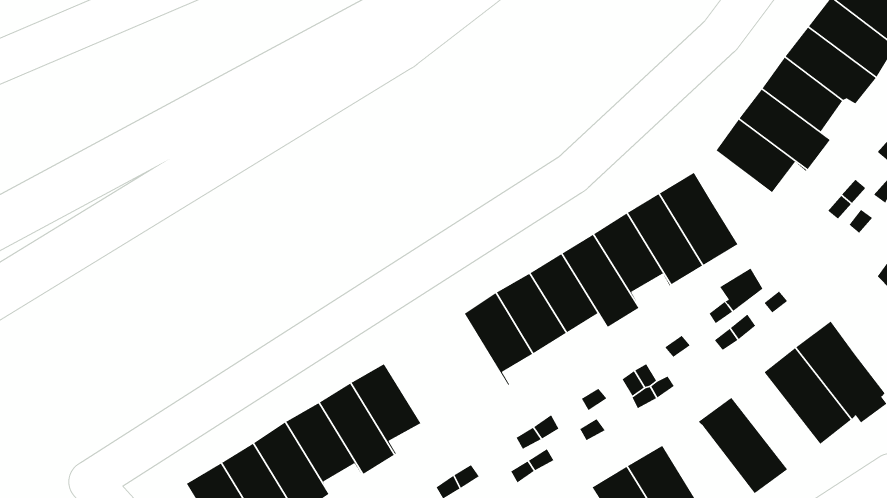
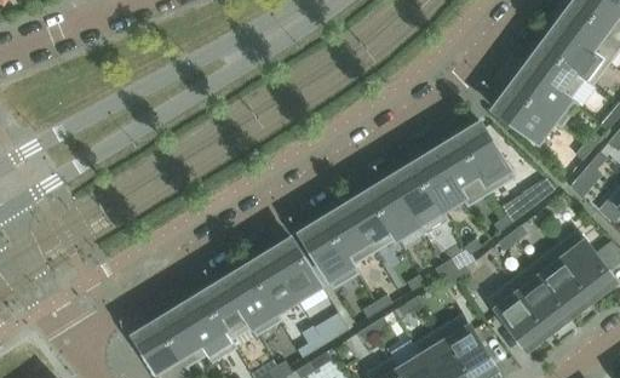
building: none -> [300,224,355,288]
building: none -> [270,244,318,299]
building: none -> [507,264,568,331]

